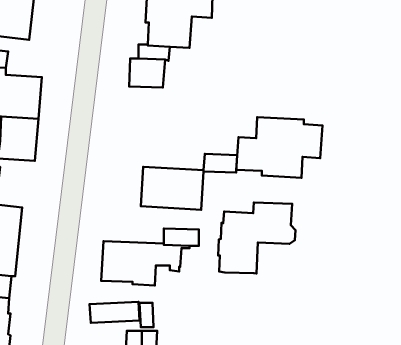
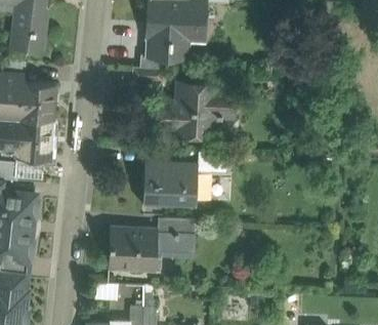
building: [236,117,322,178] -> [159,83,235,136]
building: [218,203,296,274] -> none

